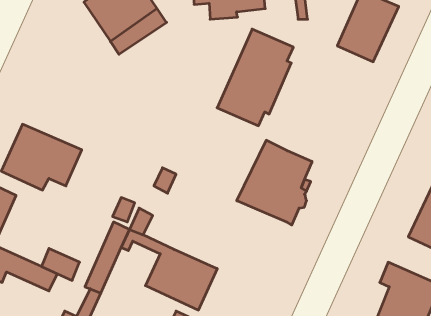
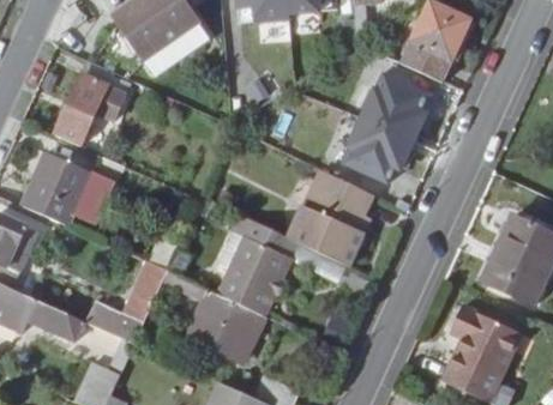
building: [217,29,293,126] -> [342,73,428,182]
building: none -> [55,61,132,153]
building: none -> [217,217,291,315]

